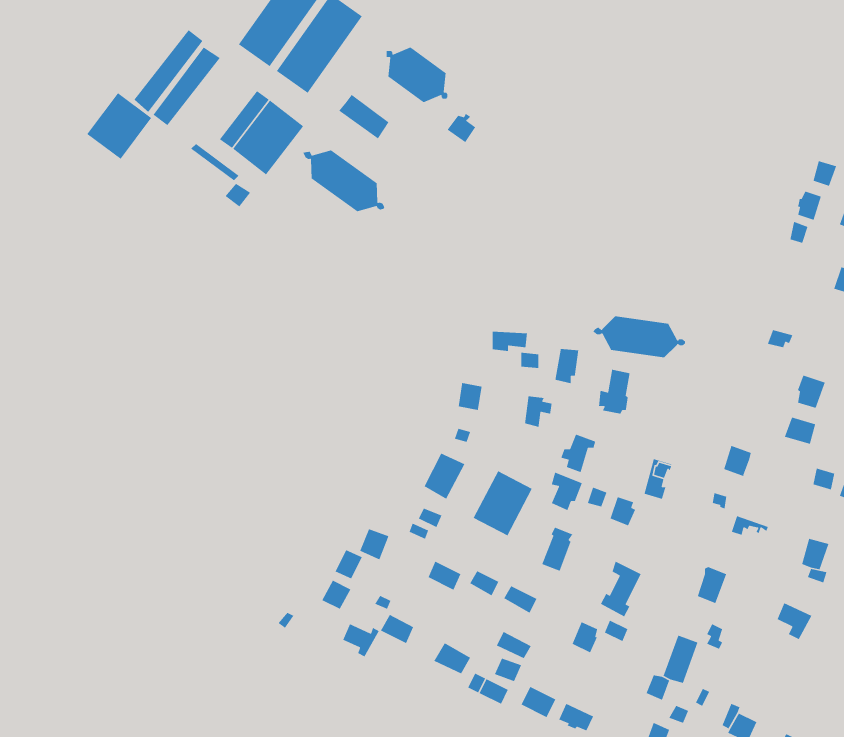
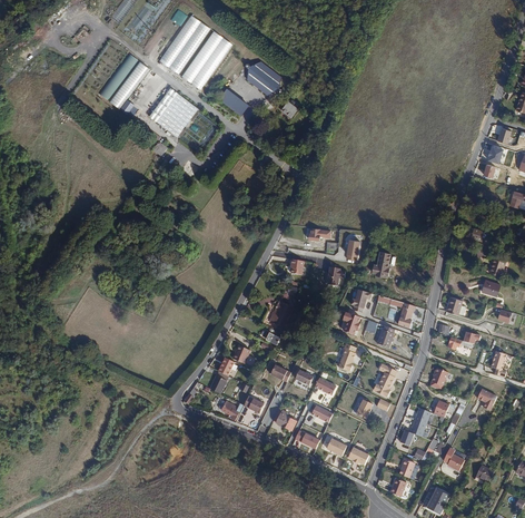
building: [86,92,152,160] -> none
building: [302,150,385,212] -> none
building: [592,316,686,358] -> none
building: [473,470,533,537] -> none

